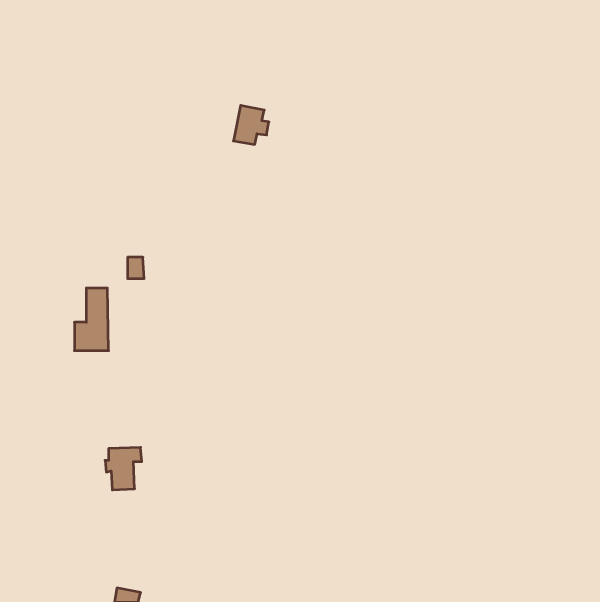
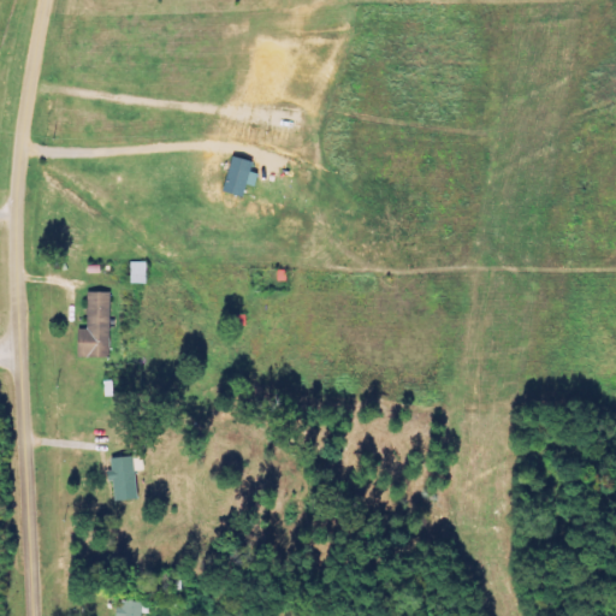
building: [233,105,269,144] -> [223,156,259,196]

